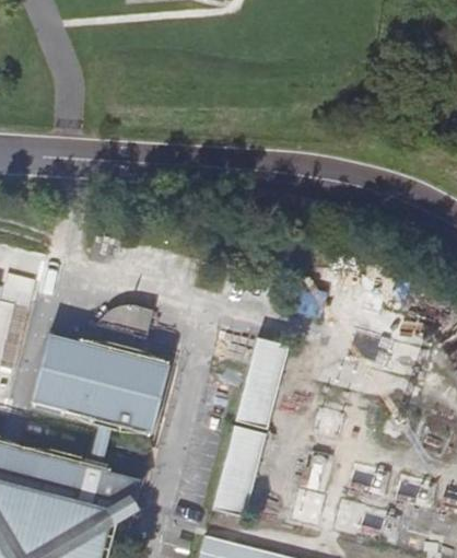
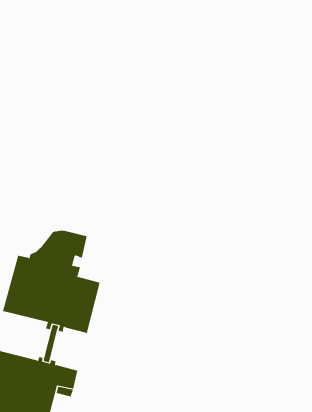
building: [234,338,288,428] -> none
building: [212,426,265,516] -> none

